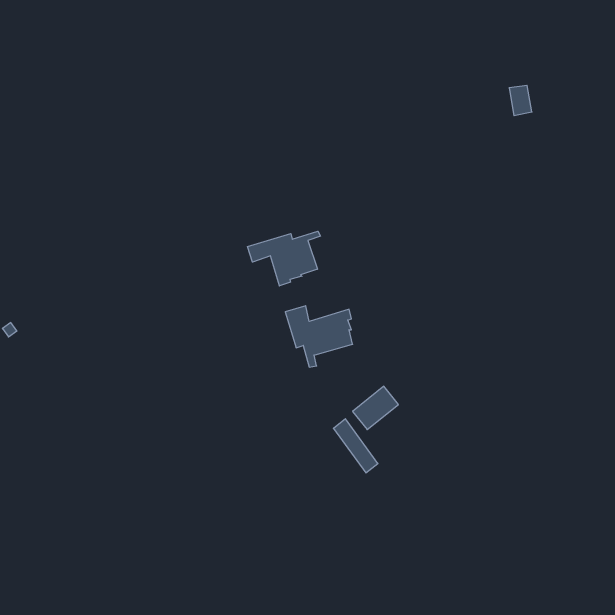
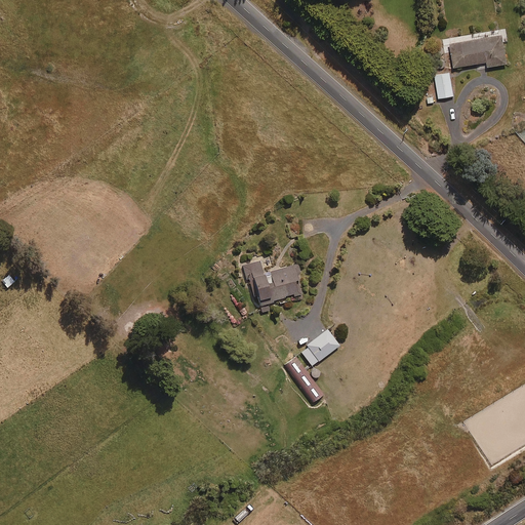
building: none -> [443,29,508,67]
building: [248,231,320,286] -> none

